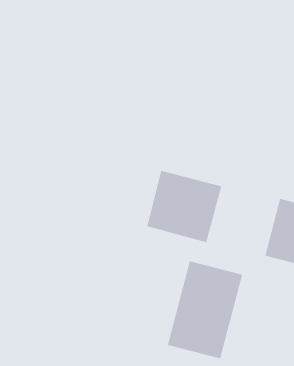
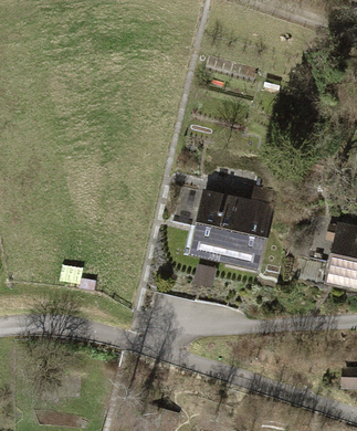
building: [167,260,243,359] -> none

